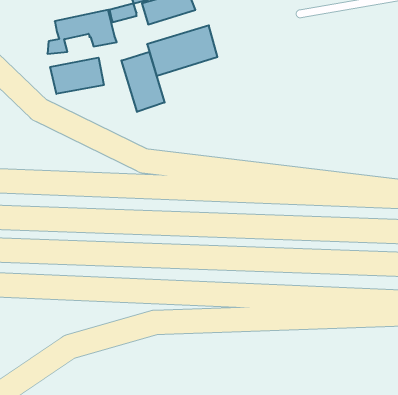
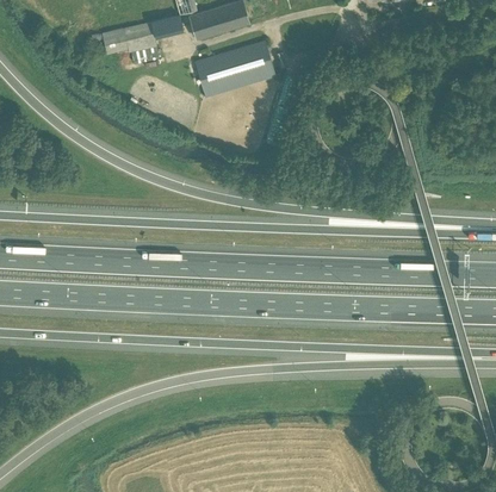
building: [121,52,165,112] -> none
building: [50,58,104,94] -> none

